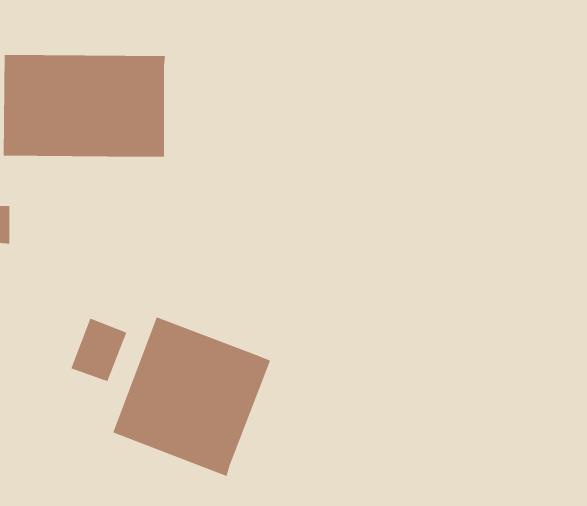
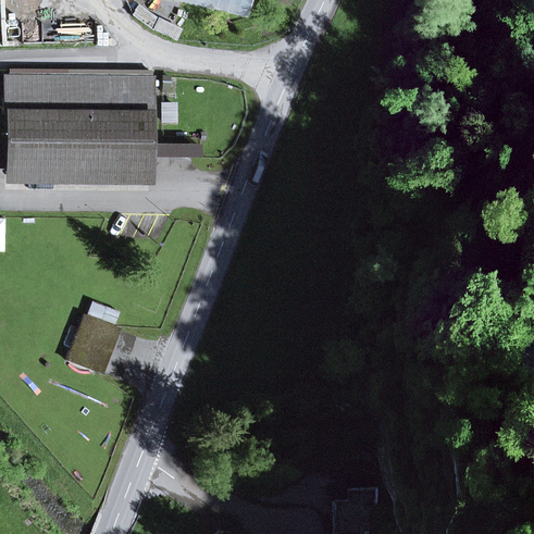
building: [112,316,271,477] -> none

